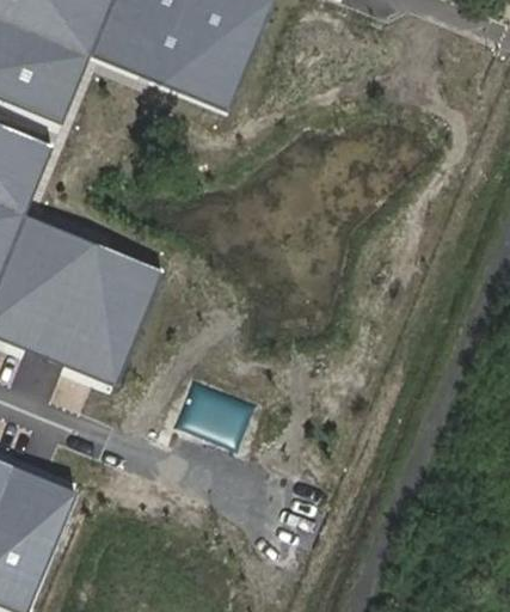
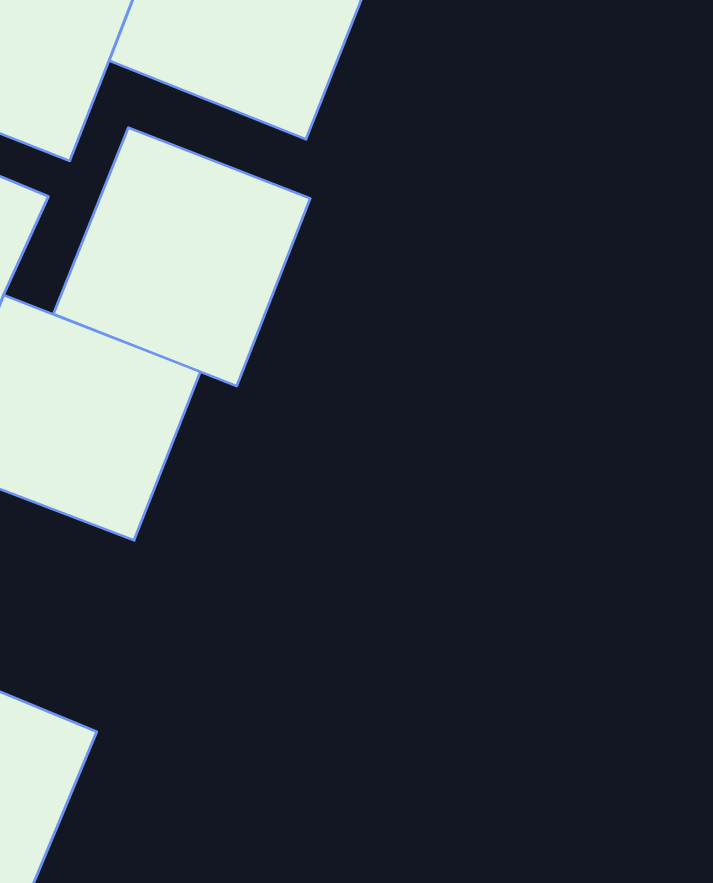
building: none -> [53,128,310,386]

